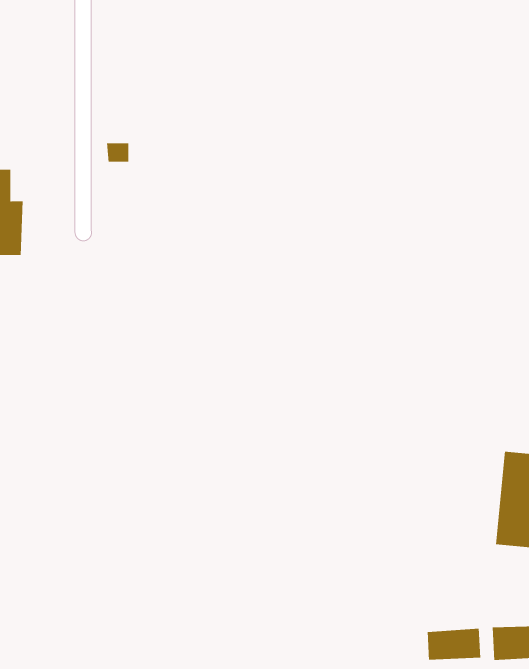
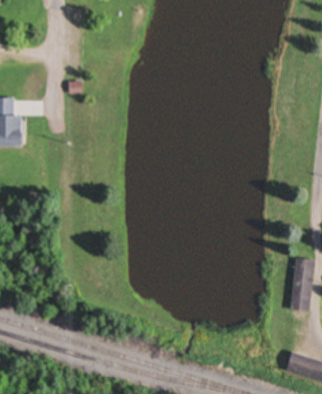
building: [427,628,481,660] -> none

